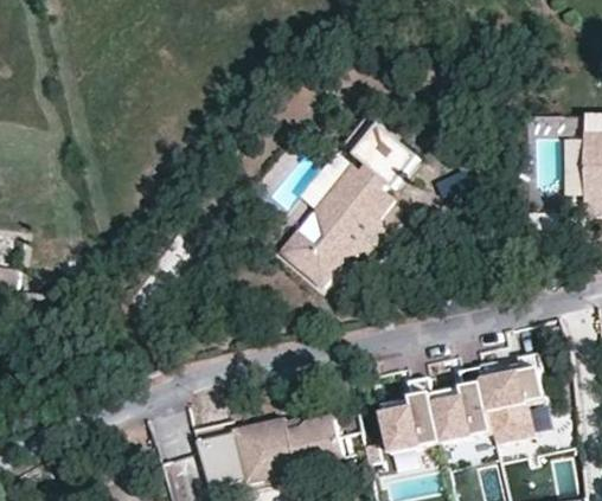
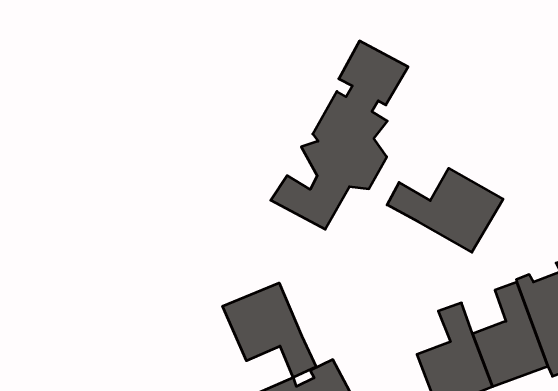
building: none -> [387,168,503,252]
building: none -> [223,283,316,377]

